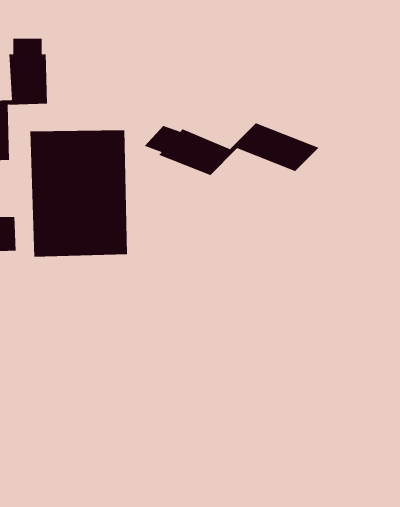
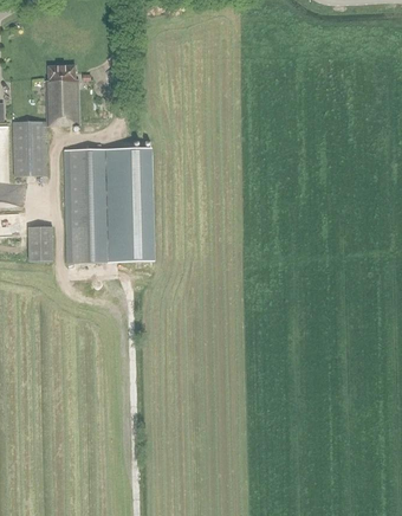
building: [144,122,319,176] -> none

